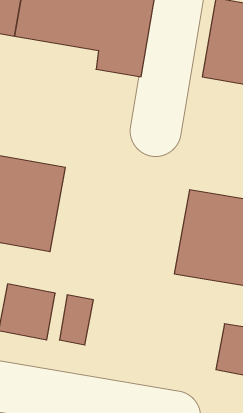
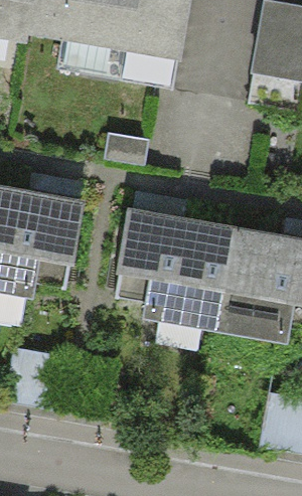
building: none -> [108,207,232,325]

